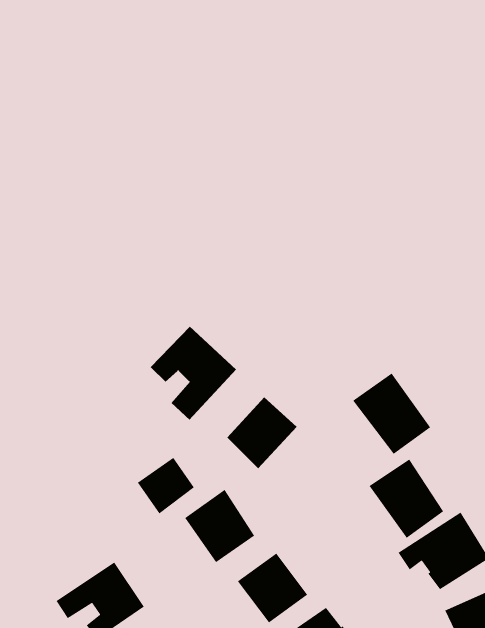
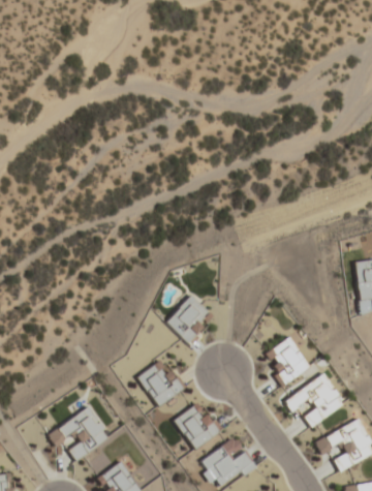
building: [150,326,237,420] -> none
building: [352,372,431,455] -> none
building: [137,457,195,514] -> none

